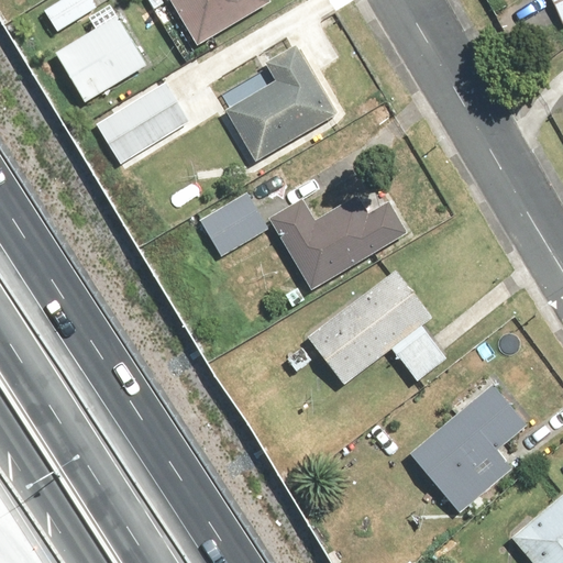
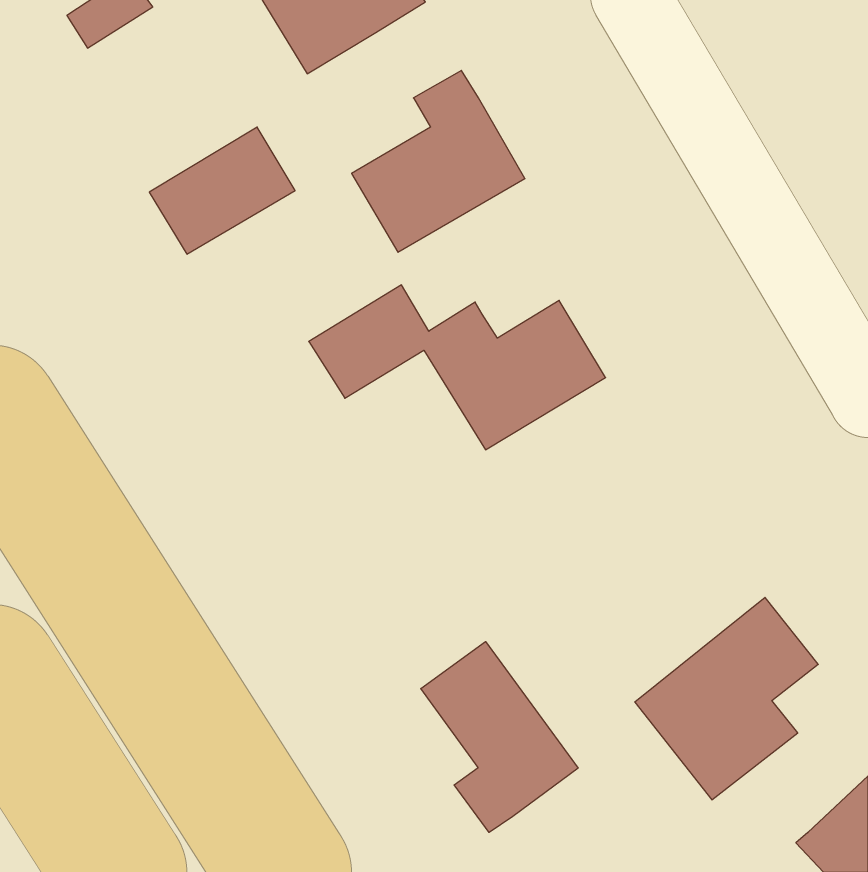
building: [57,15,147,101] -> none
building: [284,269,444,385] -> none
building: none -> [421,642,578,832]

